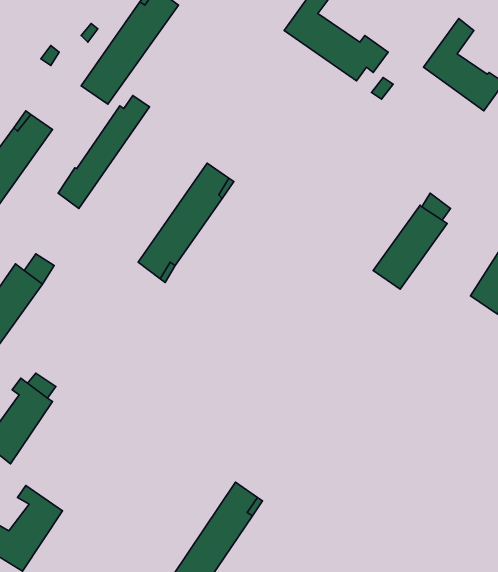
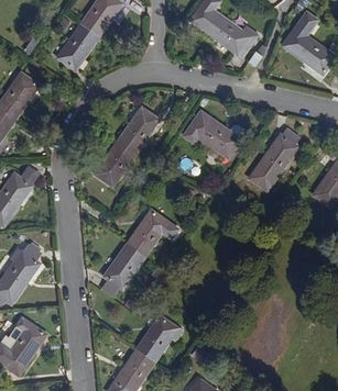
building: [58,96,149,208] -> none
building: none -> [183,111,244,157]
building: none -> [103,211,177,288]

